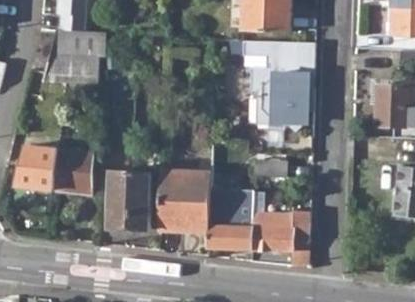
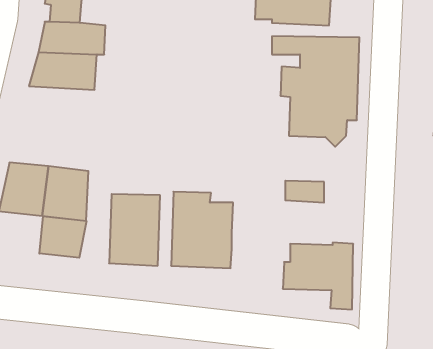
building: none -> [39,216,86,258]
building: [207,190,252,249] -> none

